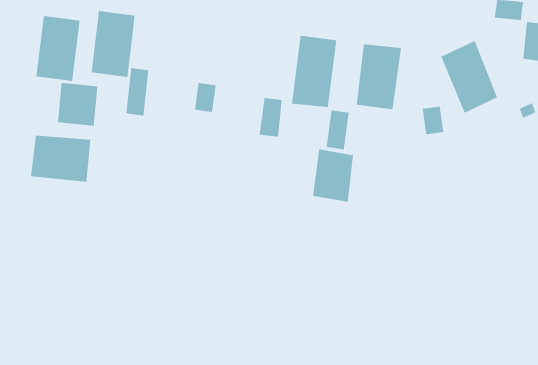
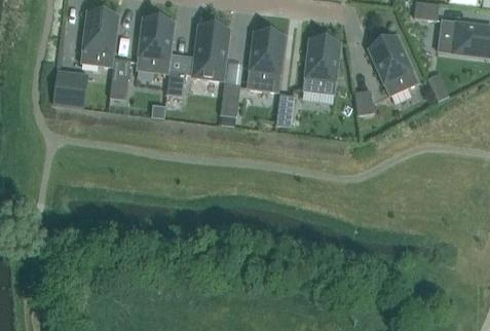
building: [36,15,80,81] -> [137,17,174,72]
building: none -> [192,25,229,79]
building: [31,135,91,183] -> none
building: [312,148,353,203] -> none

